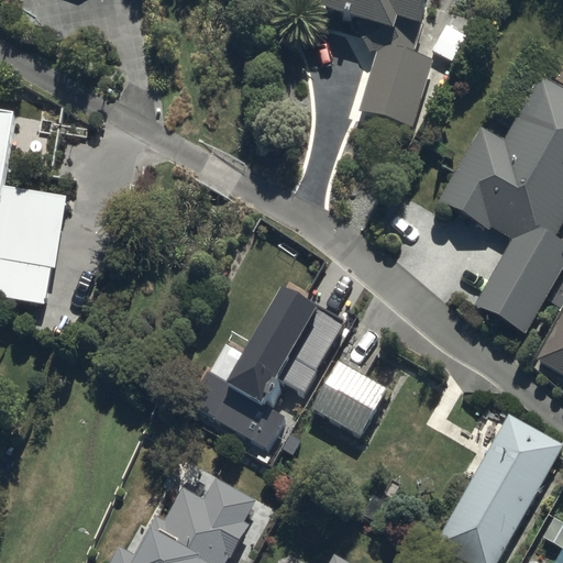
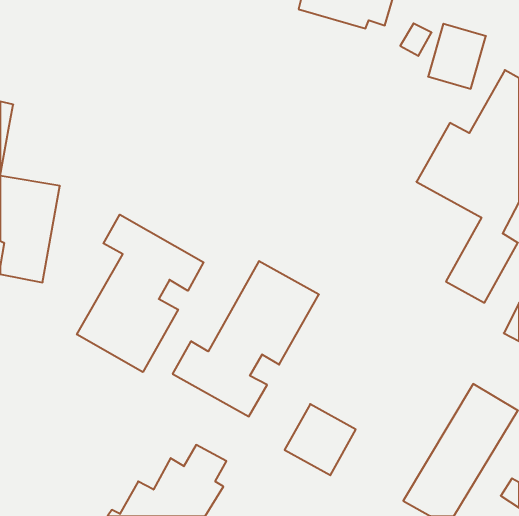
building: [369,51,432,121] -> [428,24,486,89]
building: none -> [77,215,204,372]
building: [310,358,387,435] -> [285,404,356,475]

